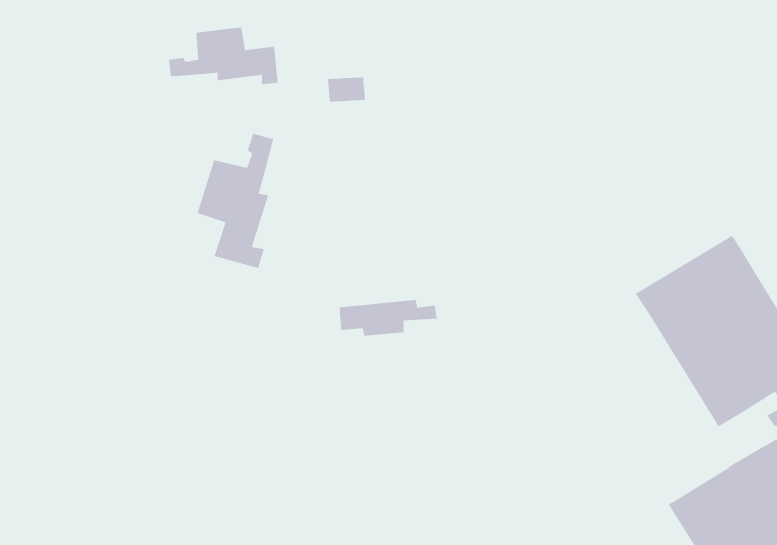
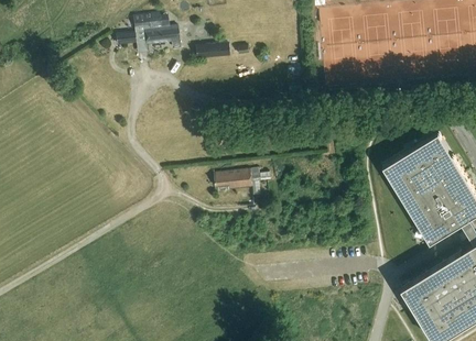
building: [197,133,274,269] -> none

